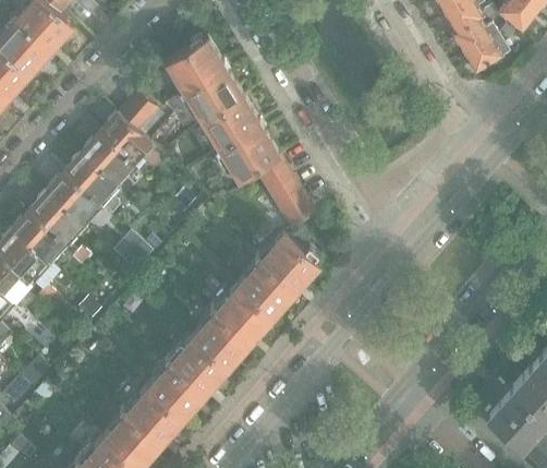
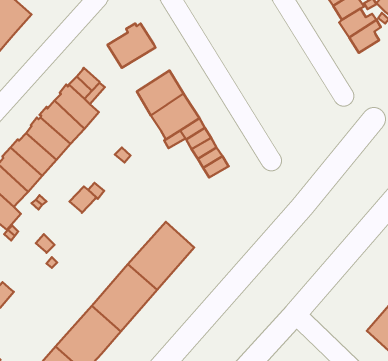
building: [184,69,243,123] -> none
building: [239,232,319,315] -> none

